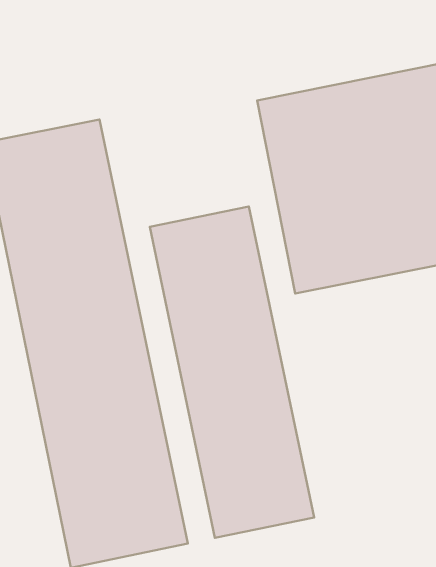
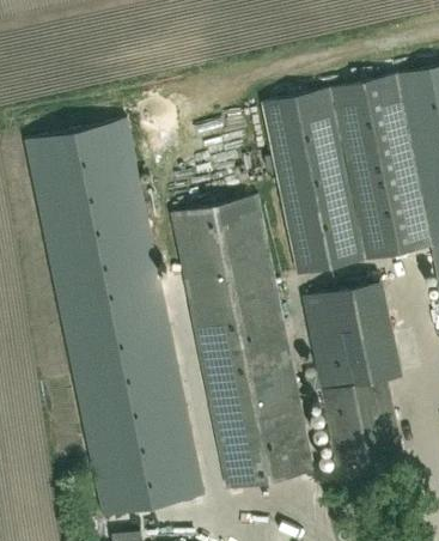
building: none -> [303,285,402,467]

